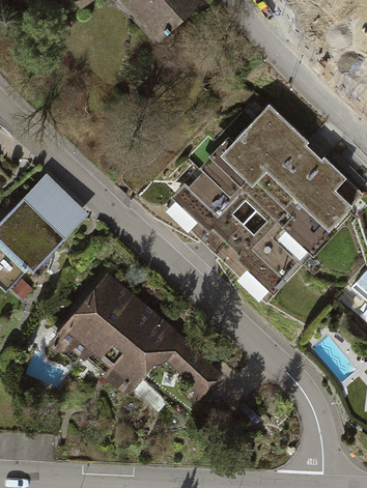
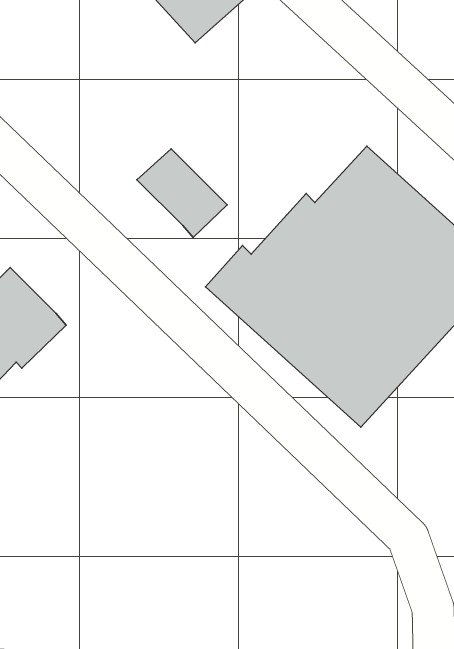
building: [23,173,86,235] -> [137,149,227,237]
building: [45,270,223,393] -> none

